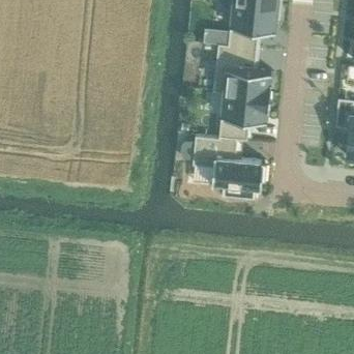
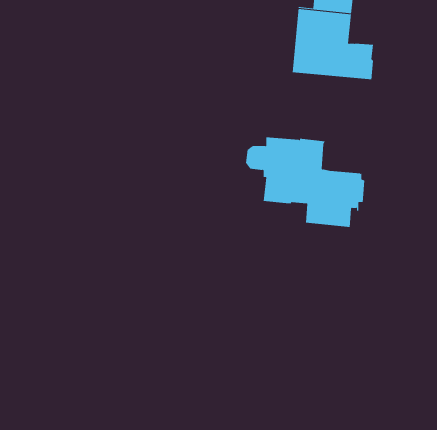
building: [214,88,271,138] -> none

